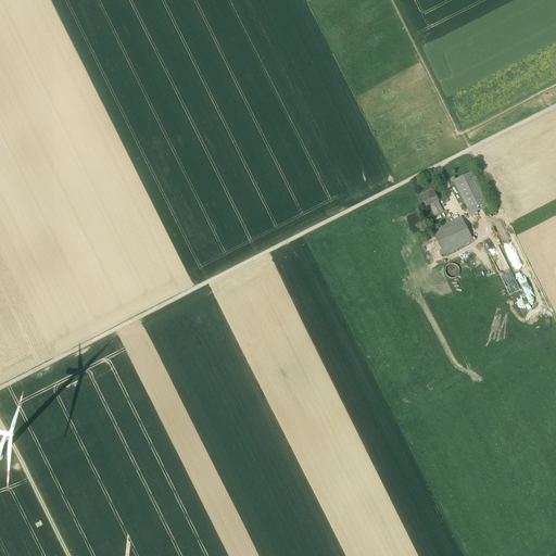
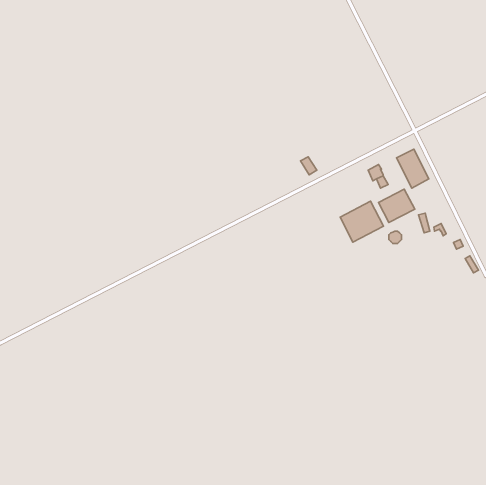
building: none -> [340,201,383,242]

